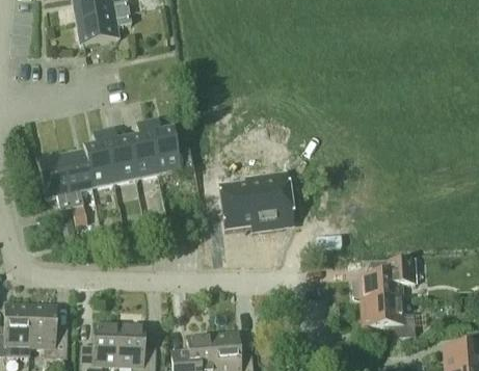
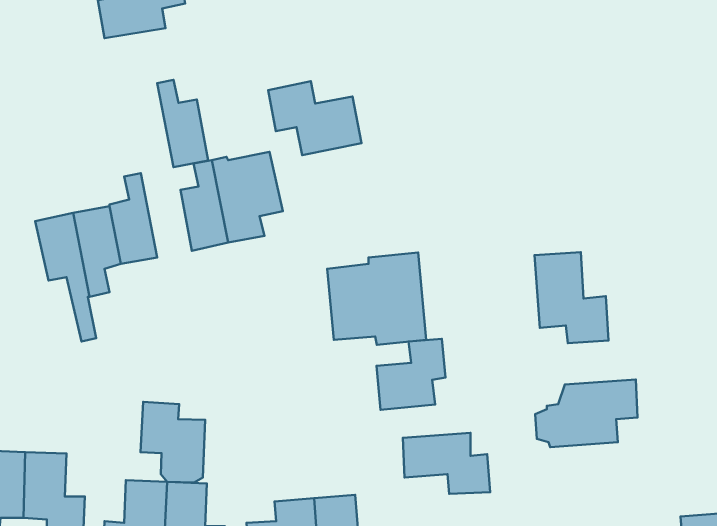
building: none -> [268,81,362,155]
building: [104,127,136,182] -> [157,80,208,167]
building: none -> [534,252,609,343]
building: none -> [376,339,446,410]
building: none -> [140,402,205,483]
building: [362,298,417,337] -> [403,433,490,494]

